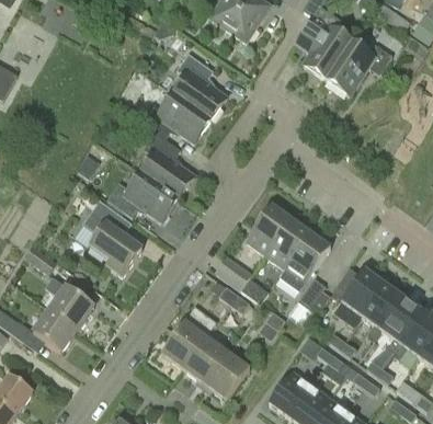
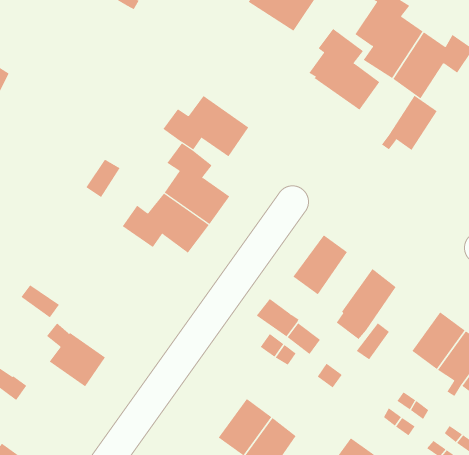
building: [168,53,226,119] -> [308,28,380,111]
building: none -> [381,95,437,151]
building: [82,198,141,276] -> none
building: [265,220,309,268] -> none
building: [31,309,77,353] -> none
building: [160,322,207,370] -> none

